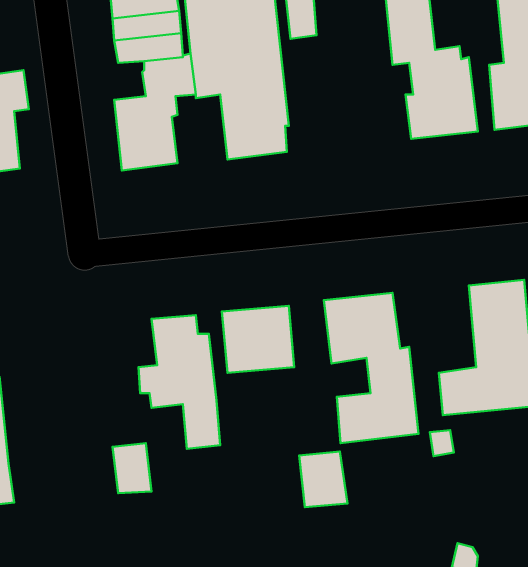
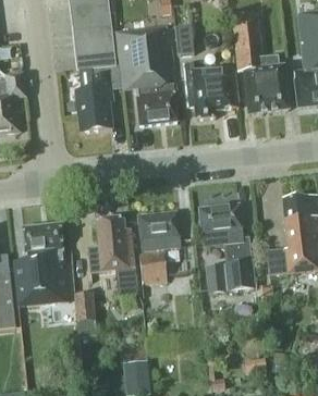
building: none -> [183,54,237,117]
building: none -> [14,222,68,304]
building: [299,452,347,507] -> [138,248,167,281]

